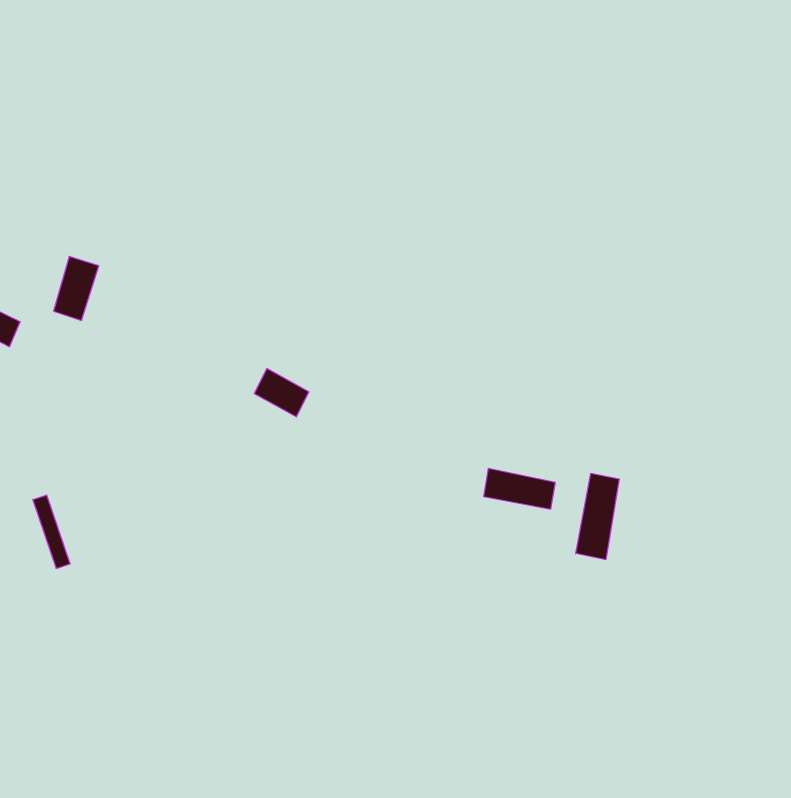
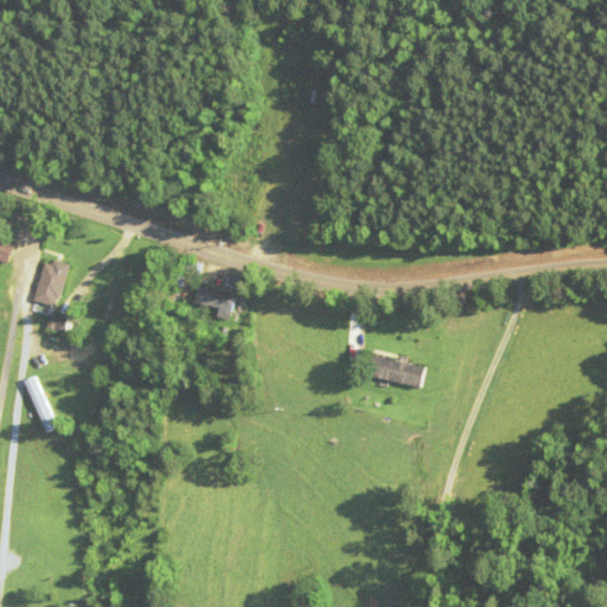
building: [54,256,99,320] -> [34,257,69,306]
building: [576,473,619,560] -> none

